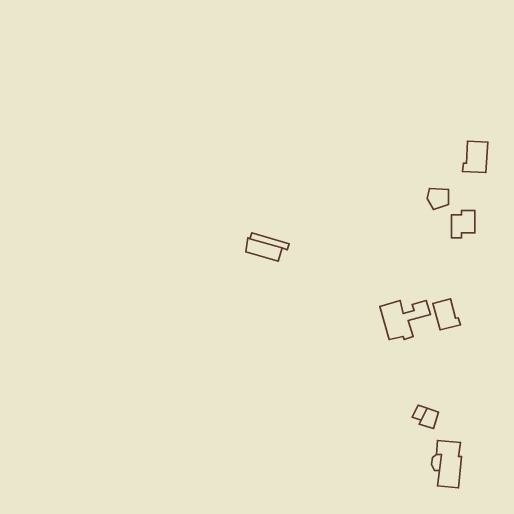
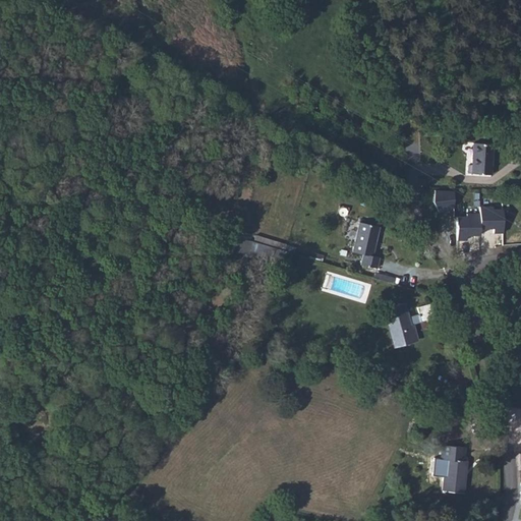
building: none -> [479,208,504,234]
building: none -> [353,223,380,269]
building: [433,299,461,330] -> none

